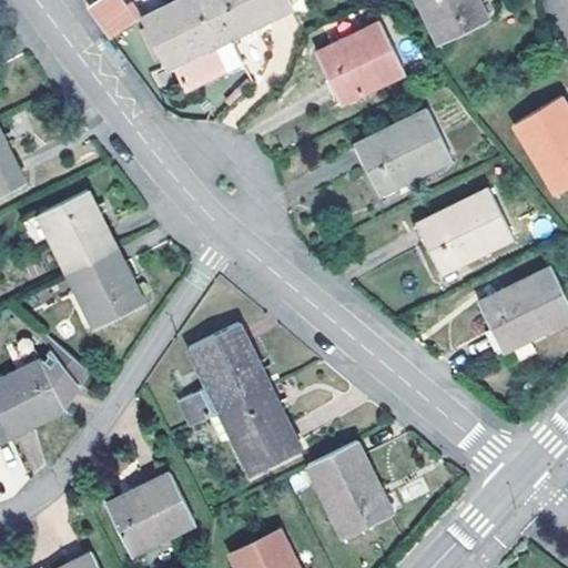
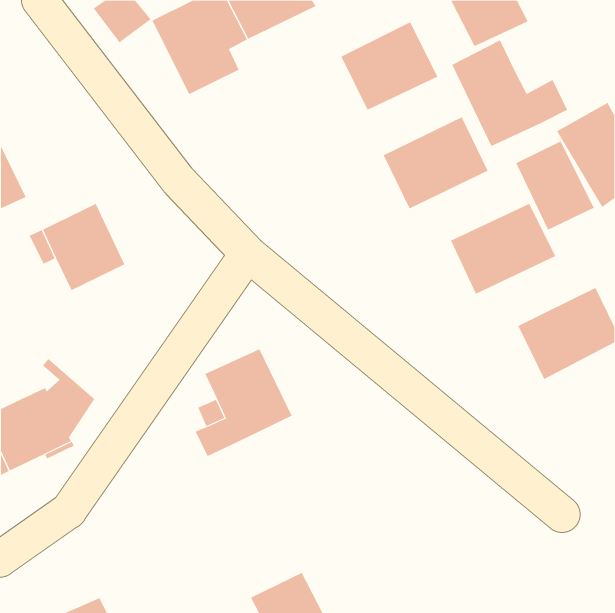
building: none -> [451,40,568,147]
building: none -> [515,141,595,231]
building: [65,245,143,326] -> none
building: [220,385,301,471] -> none
building: [306,439,392,536] -> none
building: [108,473,195,552] -> none

